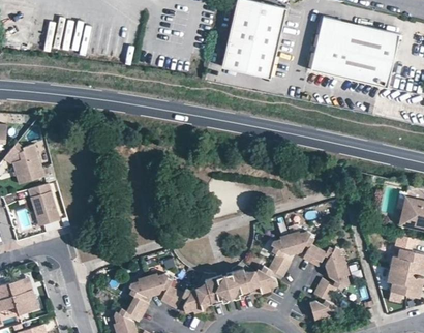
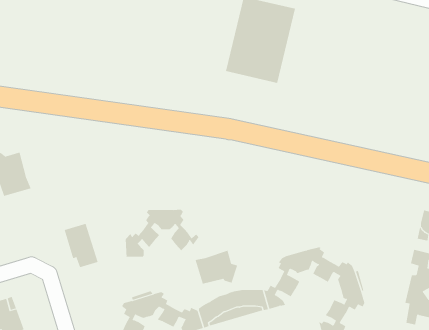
building: [311,18,400,86] -> none
building: [26,183,58,224] -> [64,223,98,268]
building: none -> [125,209,199,258]
building: none -> [195,250,238,284]

